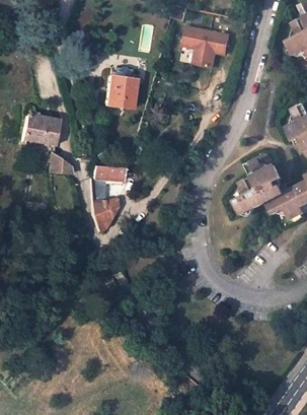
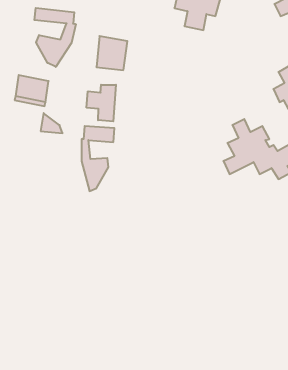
building: none -> [34,8,76,67]
building: none -> [87,85,116,121]

